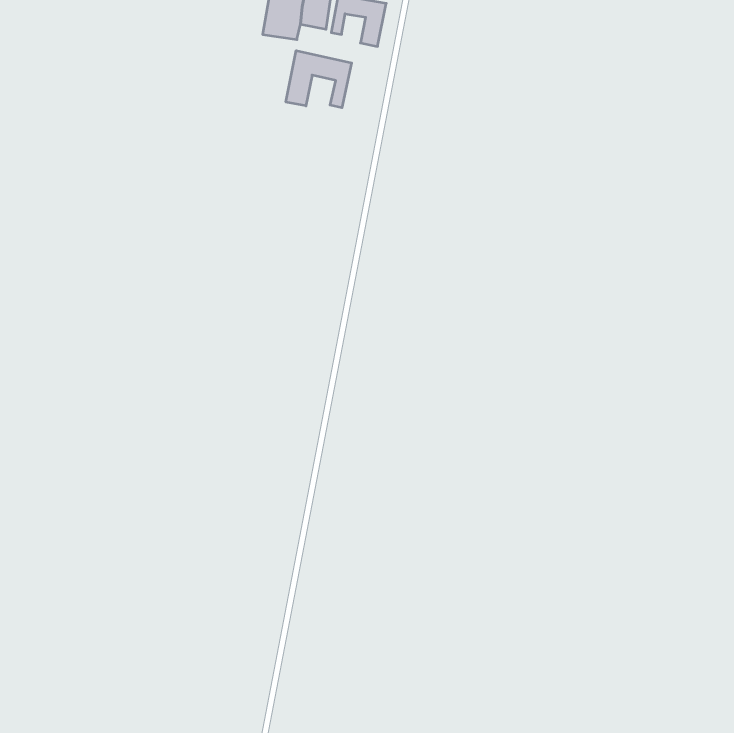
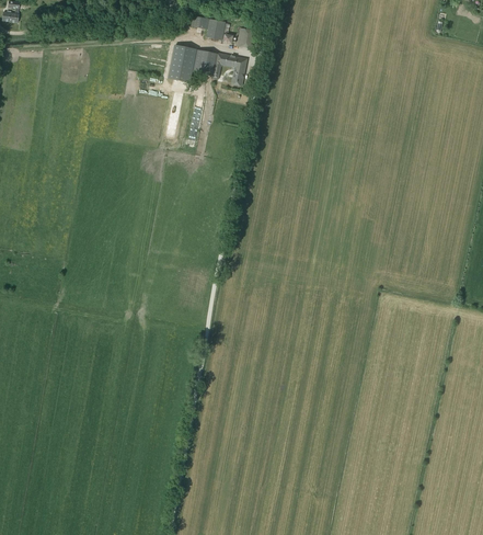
building: [286,51,352,108] -> none

